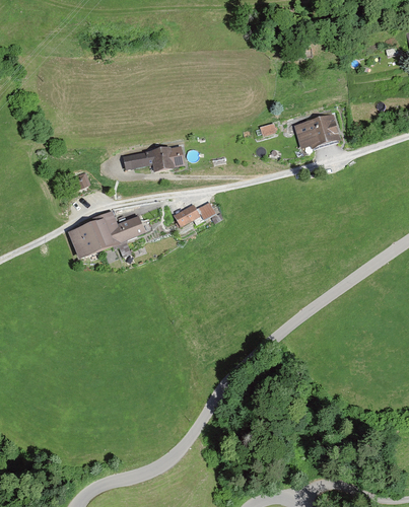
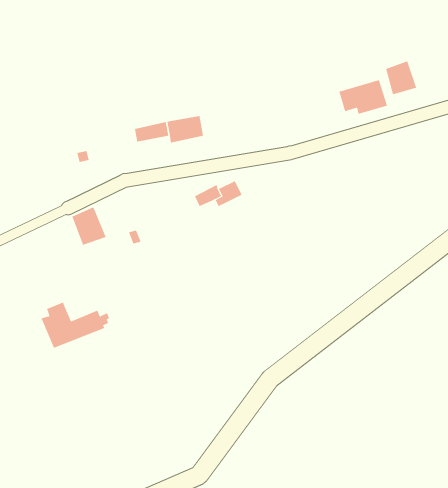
building: none -> [385,61,417,95]
building: [89,209,148,248] -> [40,302,110,348]

